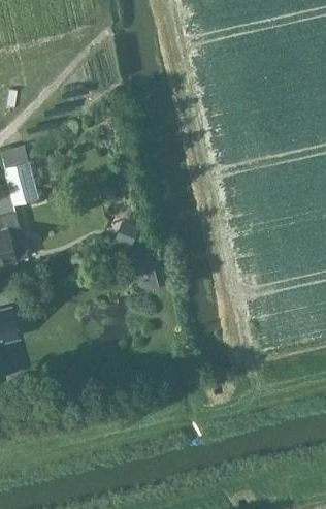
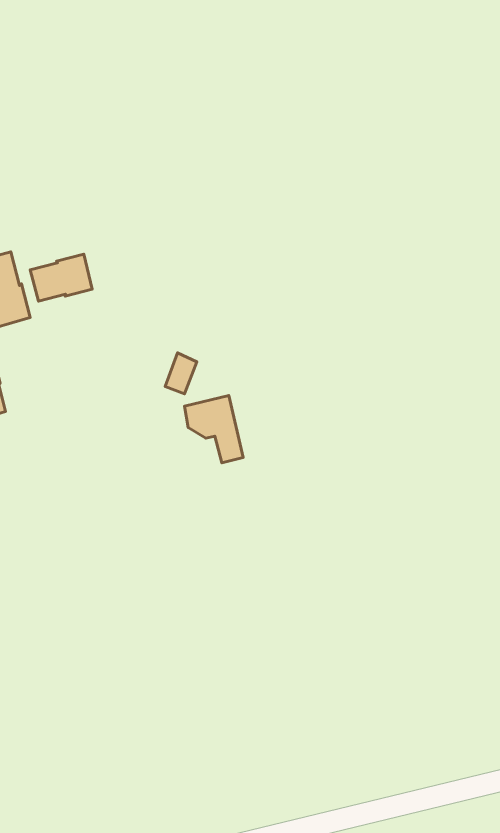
building: none -> [30,254,92,301]

